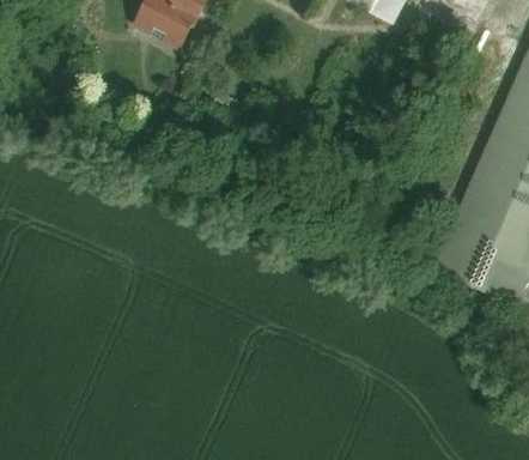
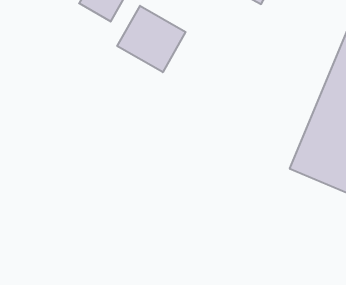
building: none -> [117,6,186,72]

